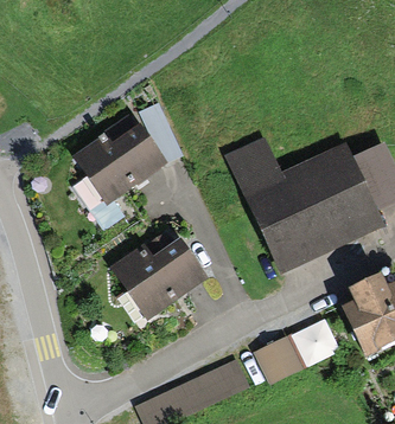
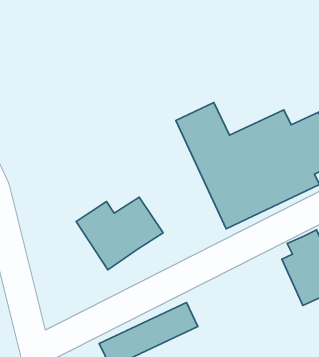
building: [74,123,168,204] -> none
building: [255,320,339,380] -> none

